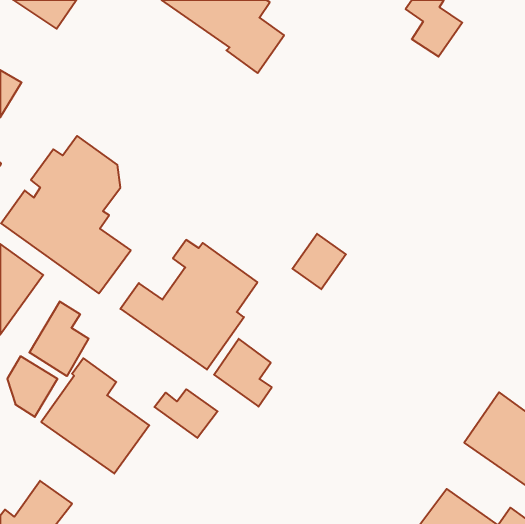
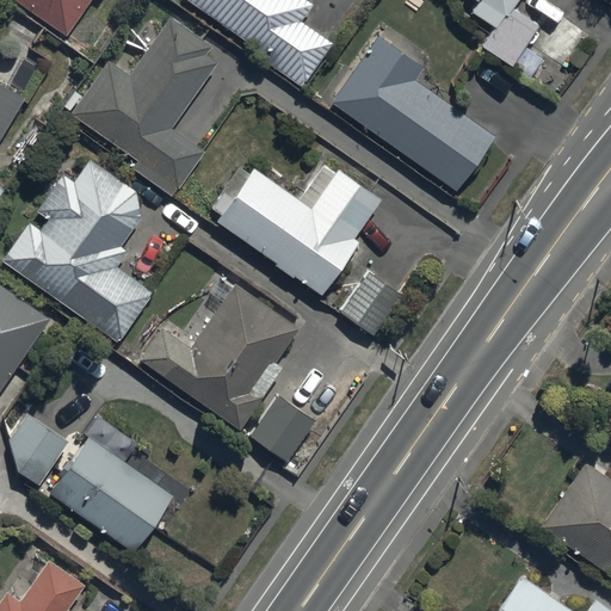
building: none -> [63,18,216,197]
building: none -> [332,35,495,189]
building: none -> [211,168,379,294]
building: [29,301,89,376] -> none
building: [154,389,218,438] -> none

